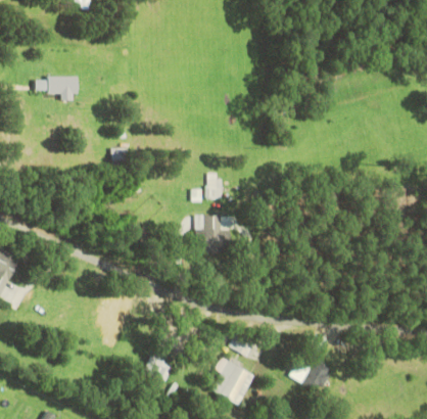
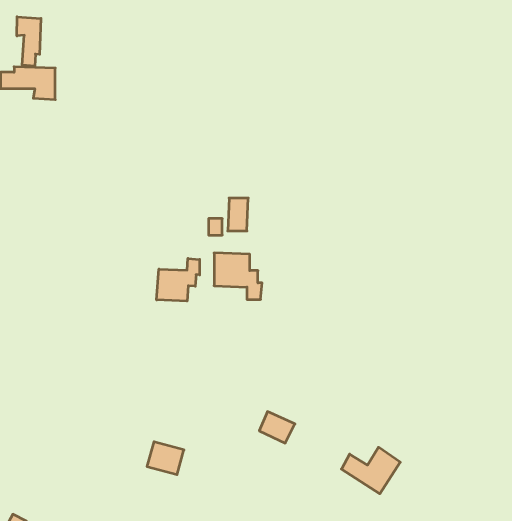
building: none -> [17,17,41,66]
building: none -> [157,258,200,301]
building: [209,357,254,406] -> none

